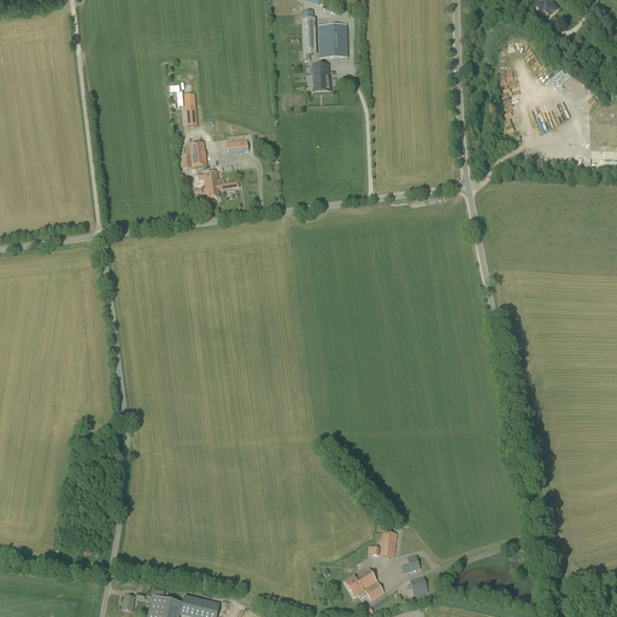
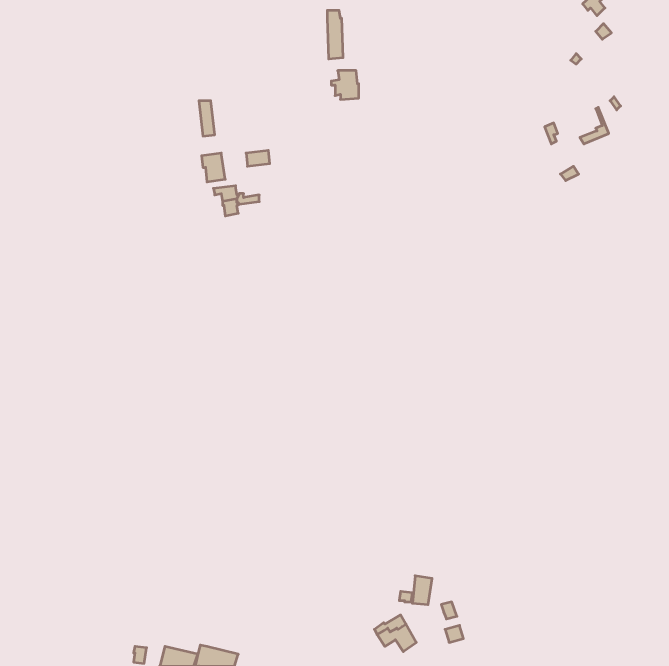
building: [318,24,348,58] -> none

